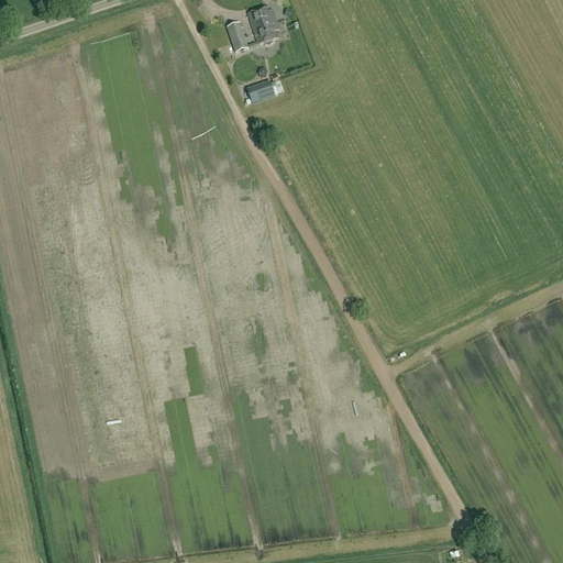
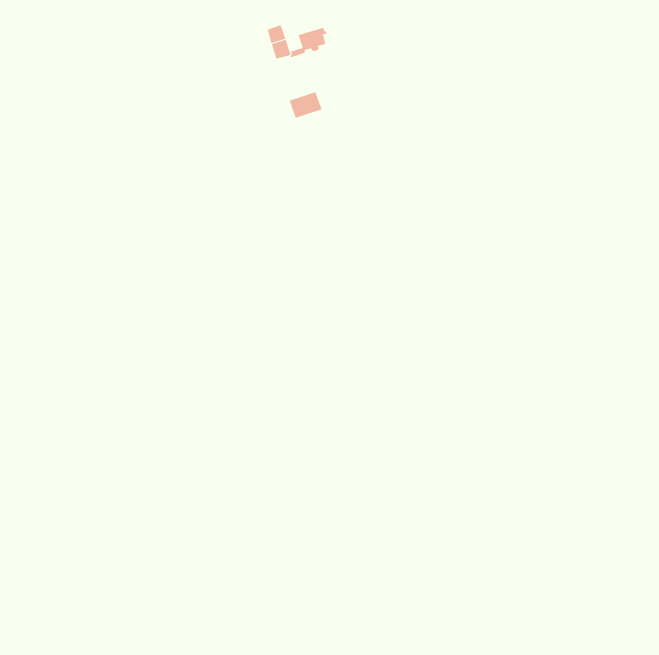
building: [247,4,276,30] -> none

